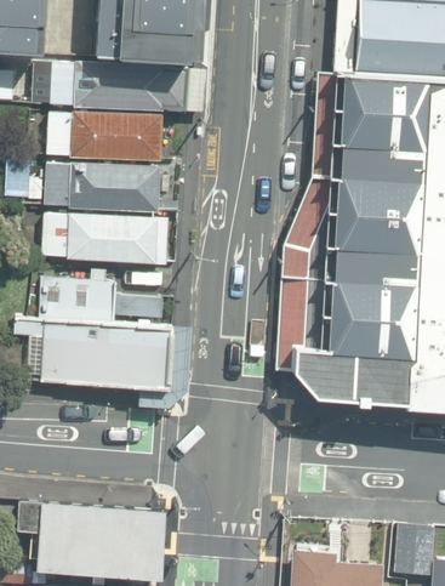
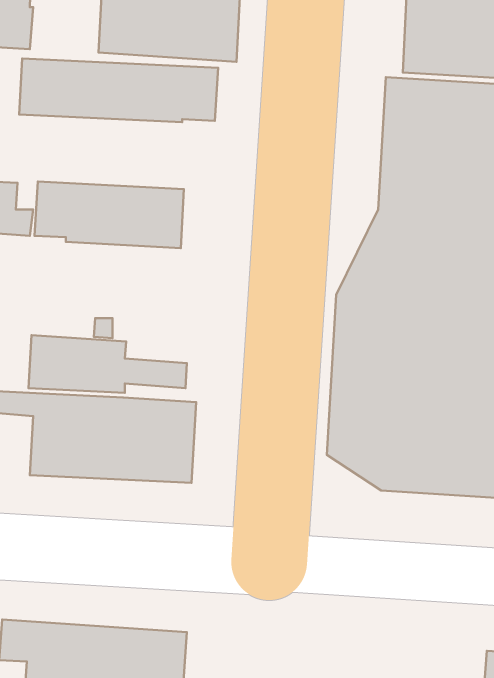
building: [50,113,165,161] -> none
building: [45,215,159,263] -> none

